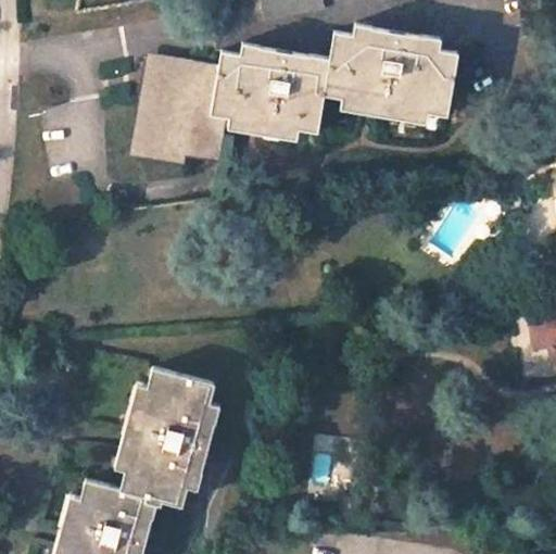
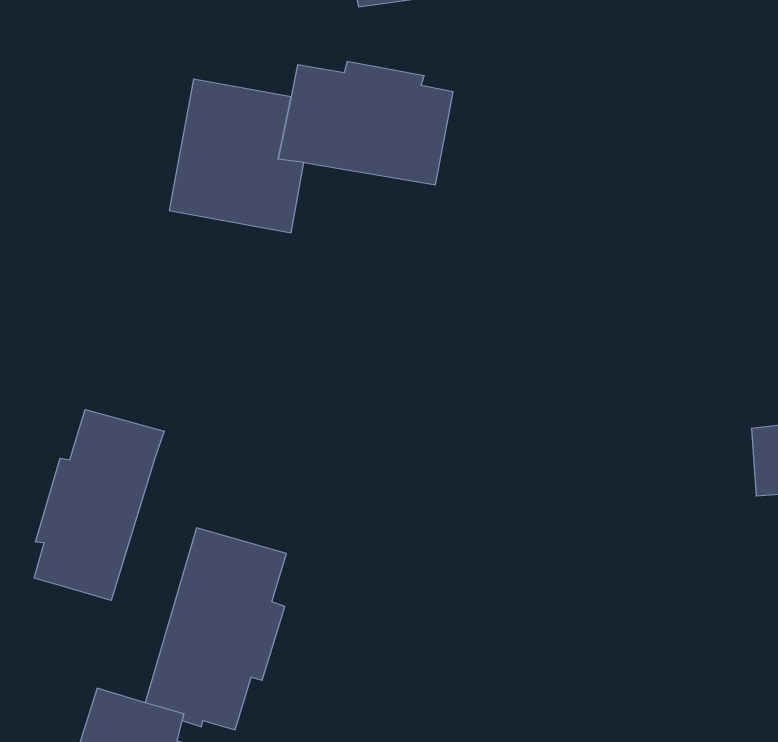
building: [323,32,457,118] -> none
building: none -> [34,410,164,600]

